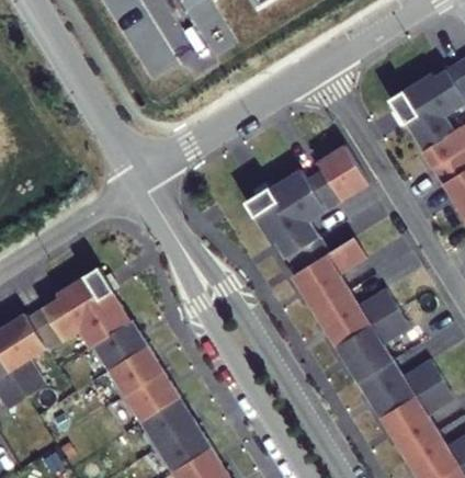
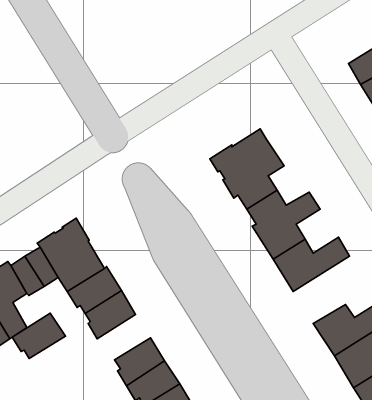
building: [305,145,366,209] -> none
building: [334,308,408,382] -> none
building: [121,372,179,421] -> [12,313,65,358]

